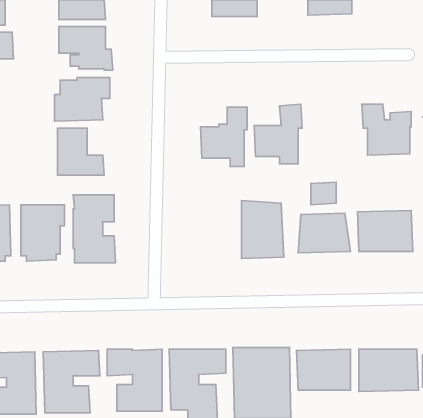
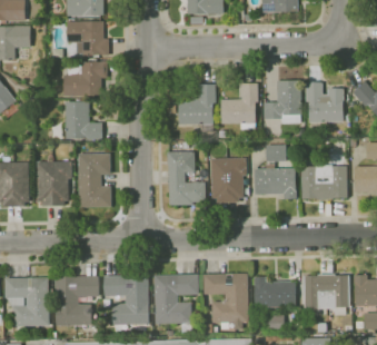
building: none -> [262,79,301,124]
building: none -> [167,151,205,205]

